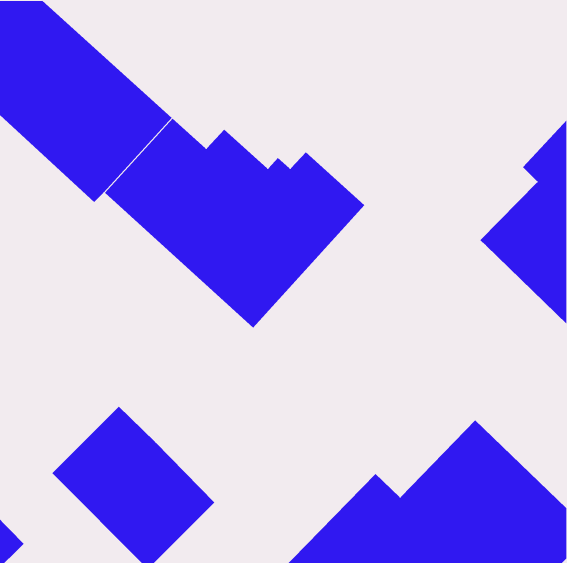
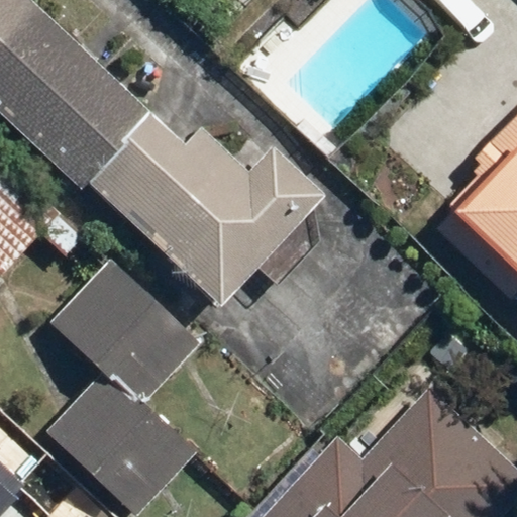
building: none -> [51,255,203,407]

